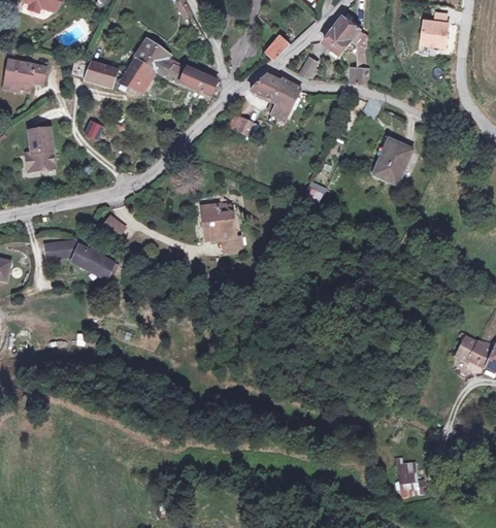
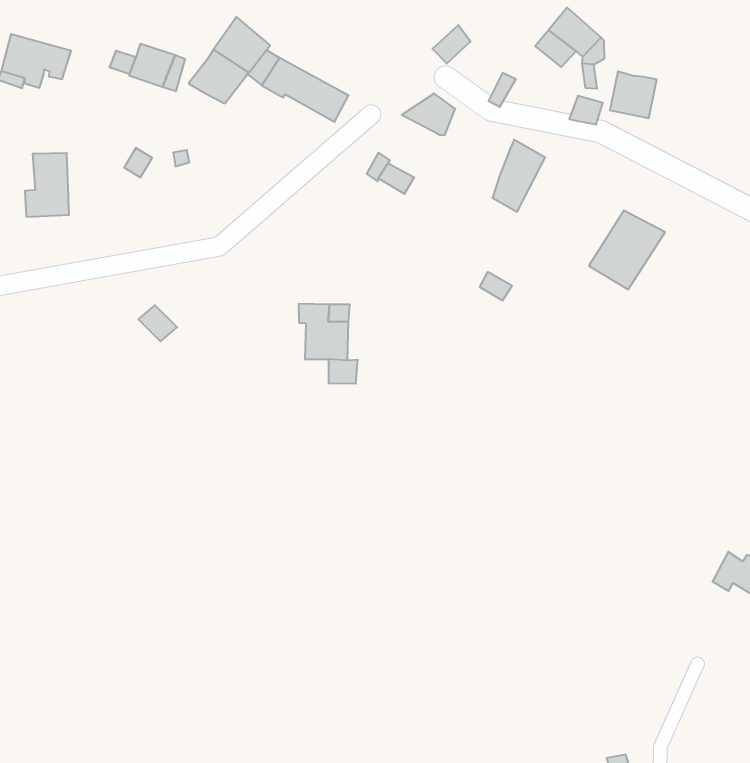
building: [422,20,449,46] -> [610,71,657,118]
building: [273,76,303,120] -> [493,140,545,212]
building: [48,244,112,283] -> none

